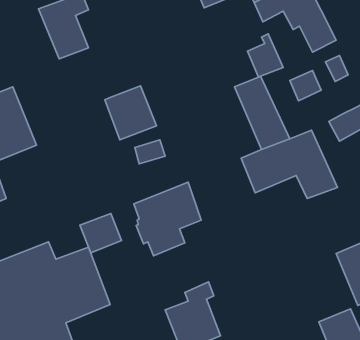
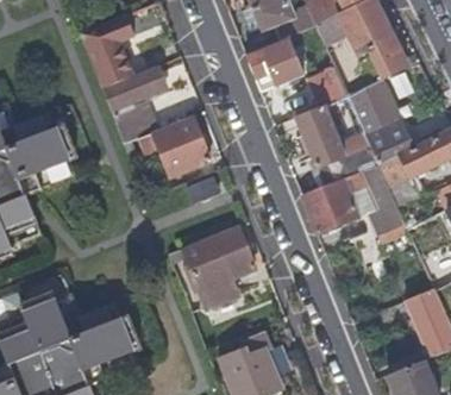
building: none -> [245,38,302,89]
building: none -> [102,65,164,140]
building: none -> [364,115,413,163]
building: [80,213,121,253] -> none

